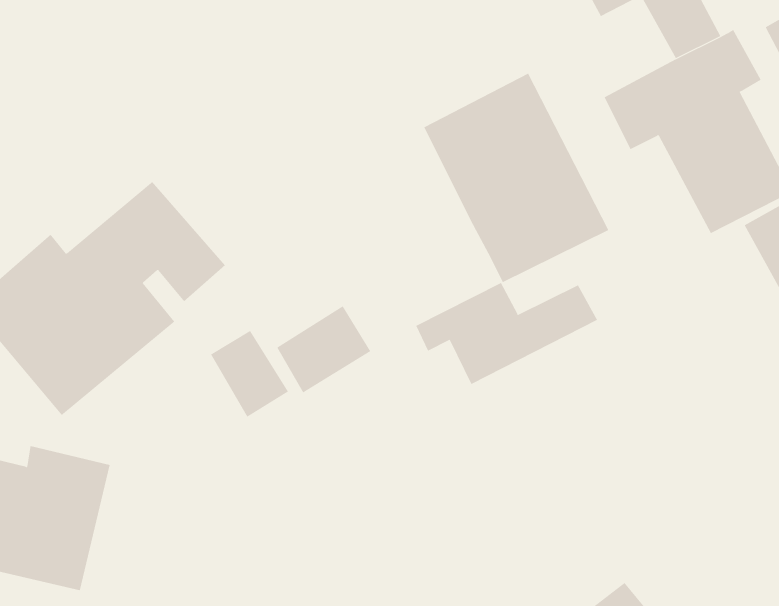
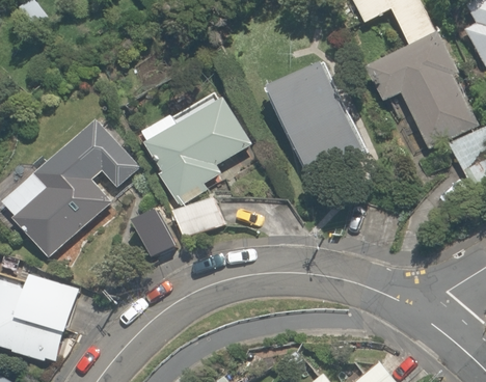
building: none -> [136,74,252,206]
building: [415,282,598,385] -> none

